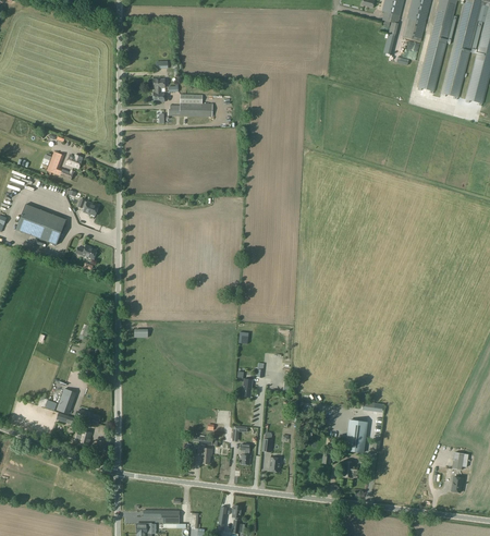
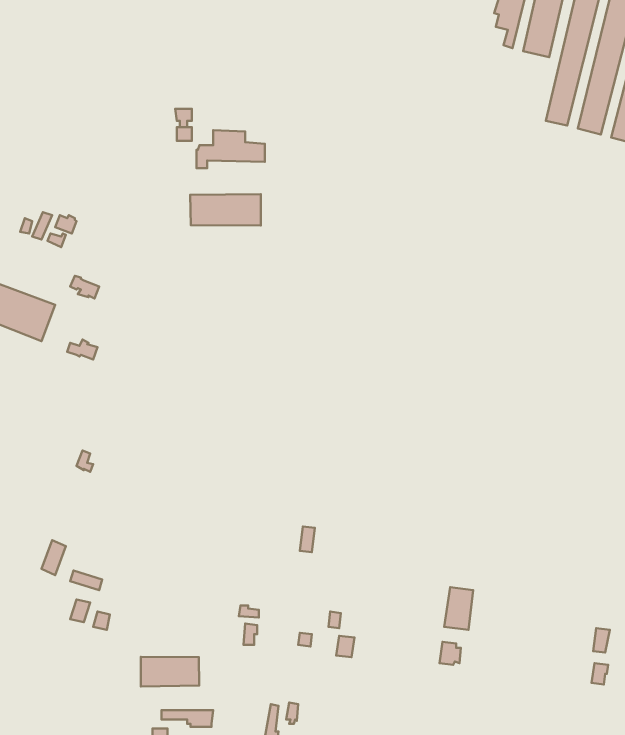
building: none -> [190,194,261,226]
building: none -> [141,657,199,686]

